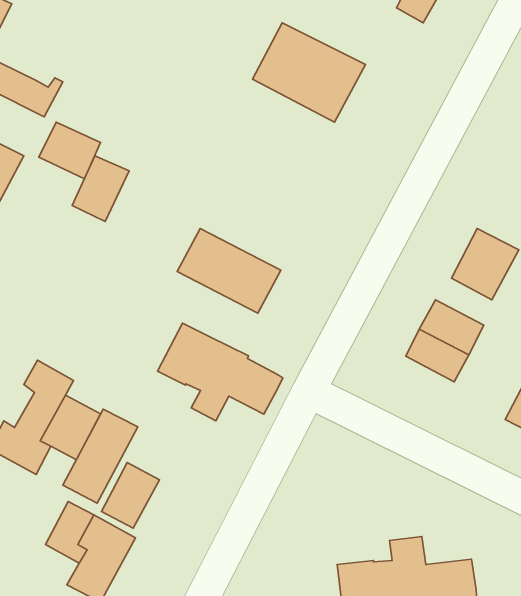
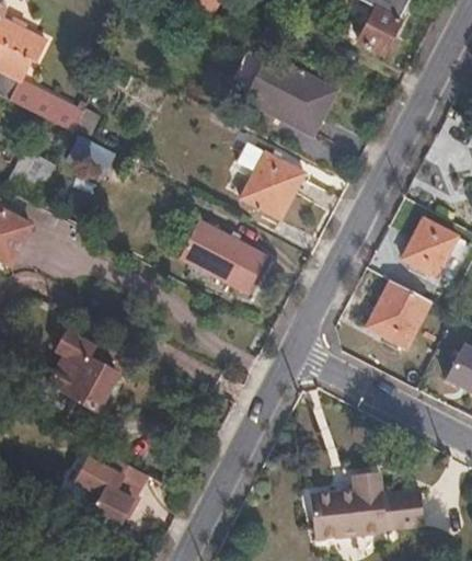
building: none -> [240,151,302,216]
building: [72,156,129,222] -> none
building: [158,323,283,421] -> none
building: [63,409,138,503] -> none
building: [101,462,159,528] -> none

